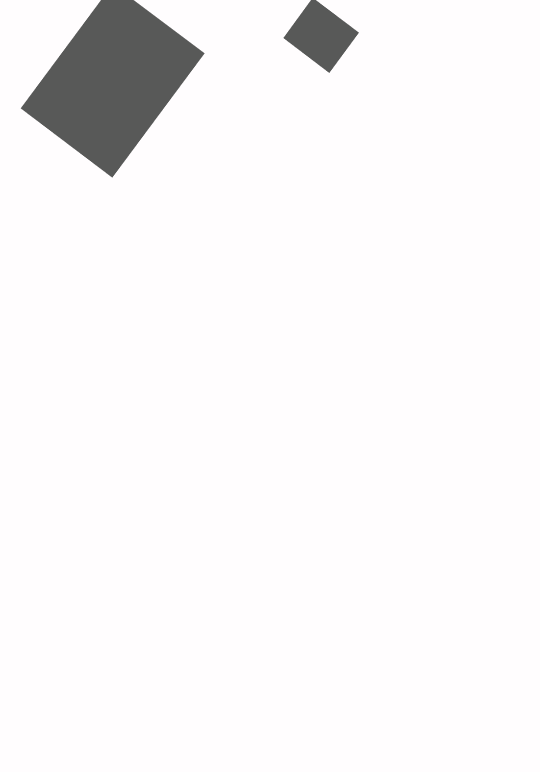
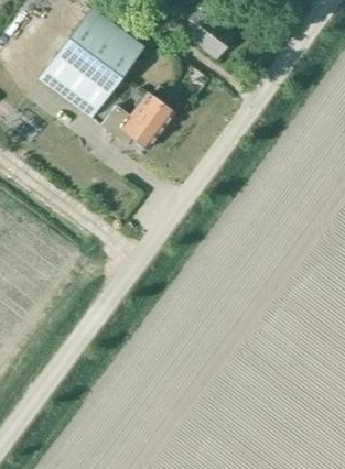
building: none -> [103,92,175,148]

